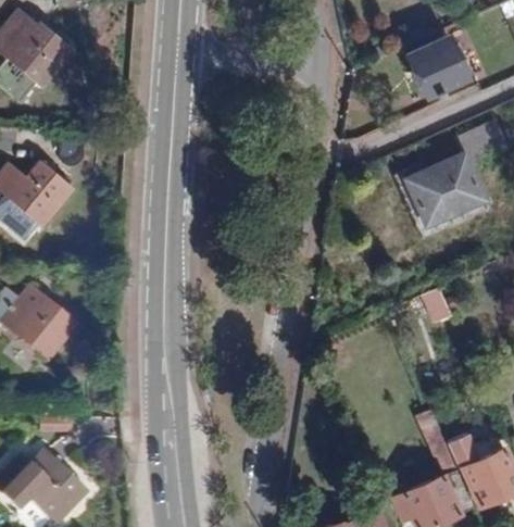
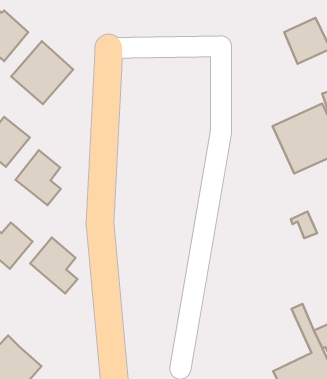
building: none -> [11,41,73,104]
building: none -> [16,150,61,205]
building: none -> [30,238,78,294]

